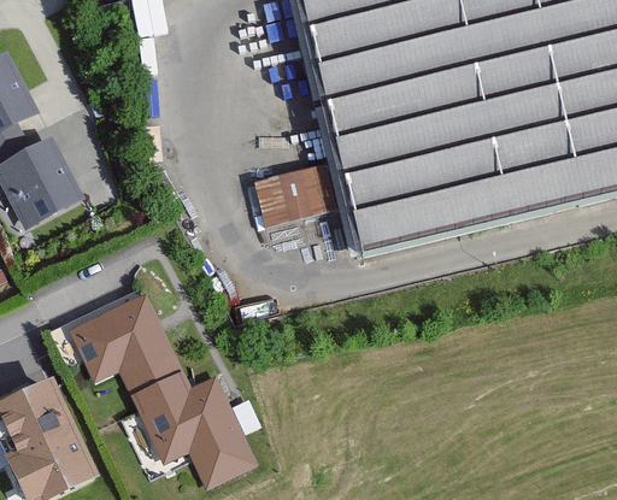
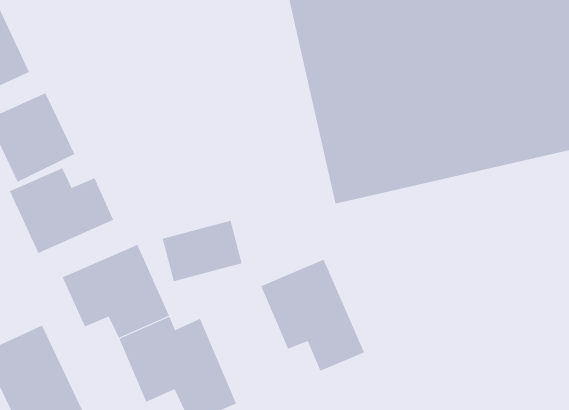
building: [251,157,336,222] -> [162,220,243,282]
building: none -> [9,168,114,254]
building: none -> [261,259,365,371]

